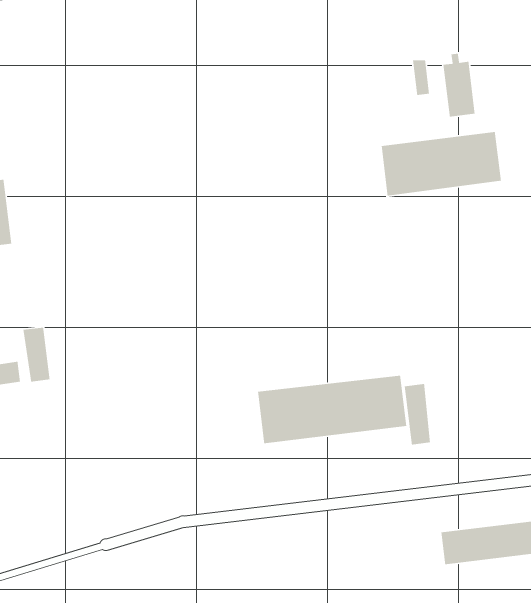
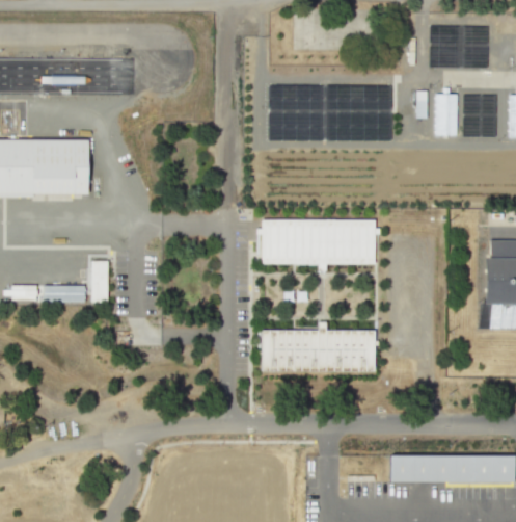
building: [381,131,502,197] -> none
building: none -> [263,218,375,262]
building: [404,383,431,445] -> none

